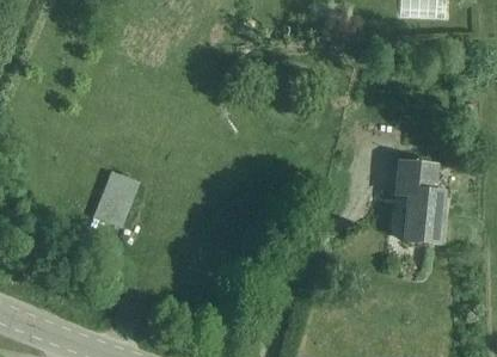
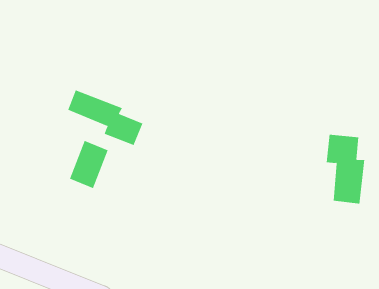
building: none -> [68,89,143,146]

